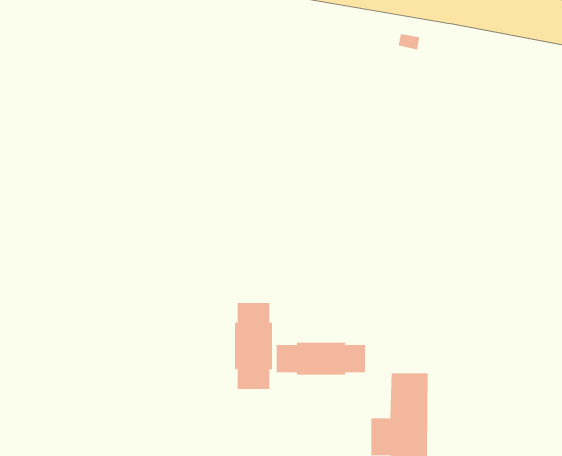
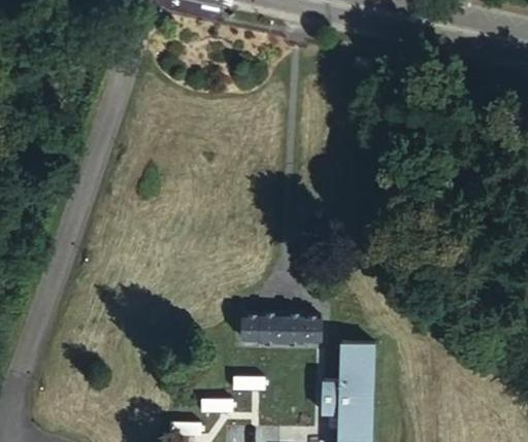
building: [234,302,273,390] -> none

